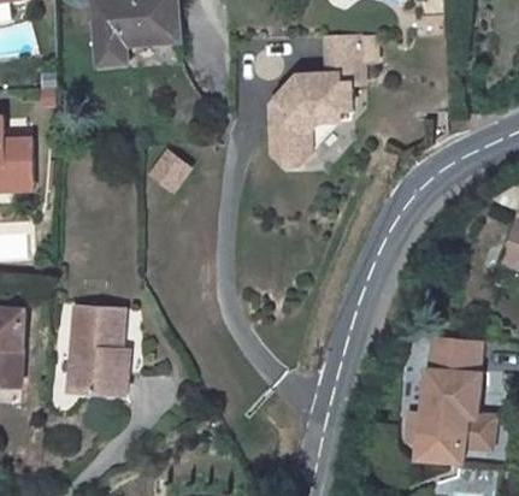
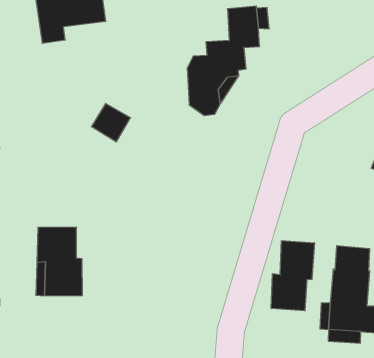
building: none -> [271,241,314,311]

